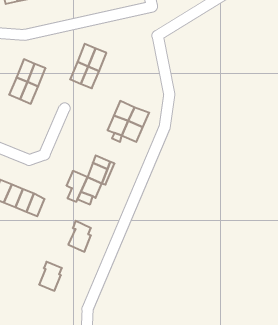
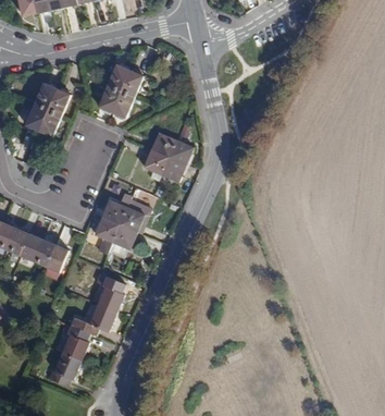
building: none -> [101,193,129,223]
building: none -> [70,304,115,334]
building: none -> [47,352,79,386]

